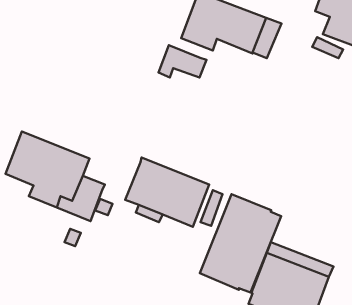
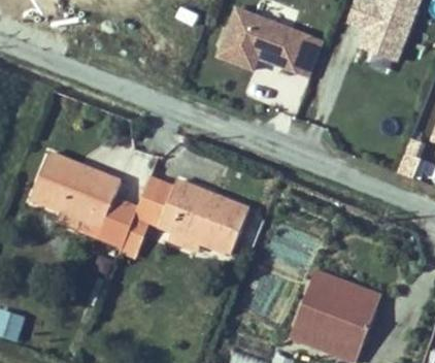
building: [158,45,206,78] -> none
building: none -> [133,176,174,226]
building: [200,194,281,293] -> none

